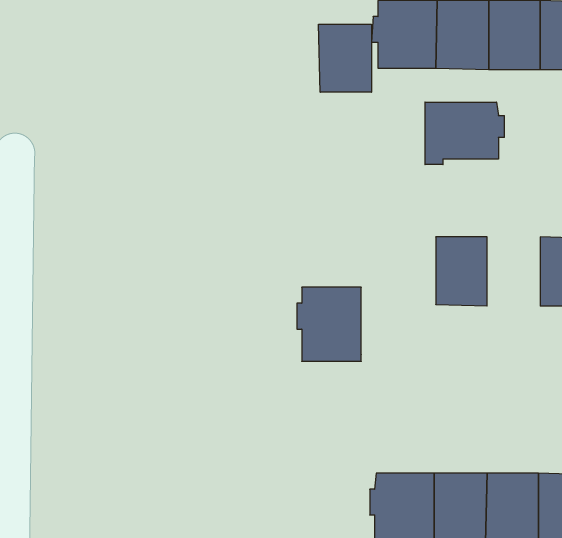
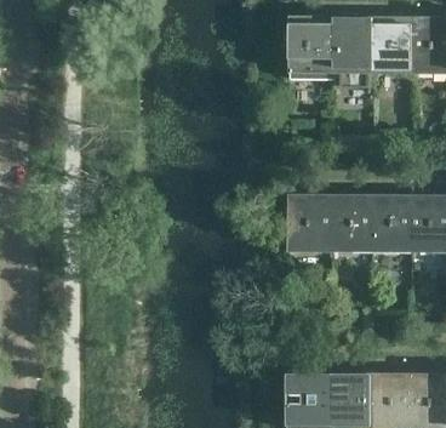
building: [319,24,371,92] -> none
building: [425,102,504,165] -> none
building: none -> [368,196,408,249]
building: [297,287,361,361] -> [281,196,330,252]

